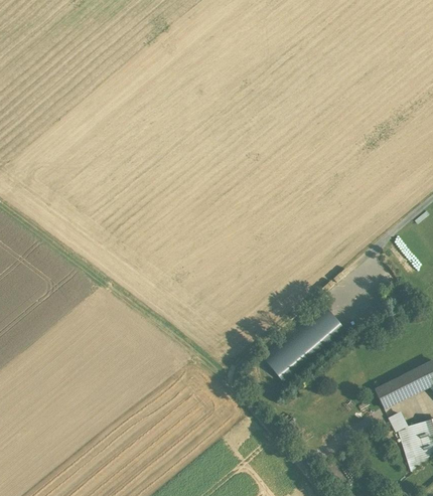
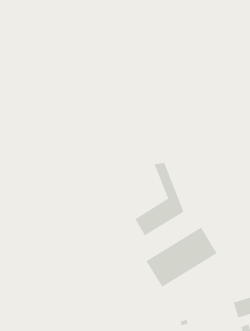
building: none -> [135,162,184,236]

